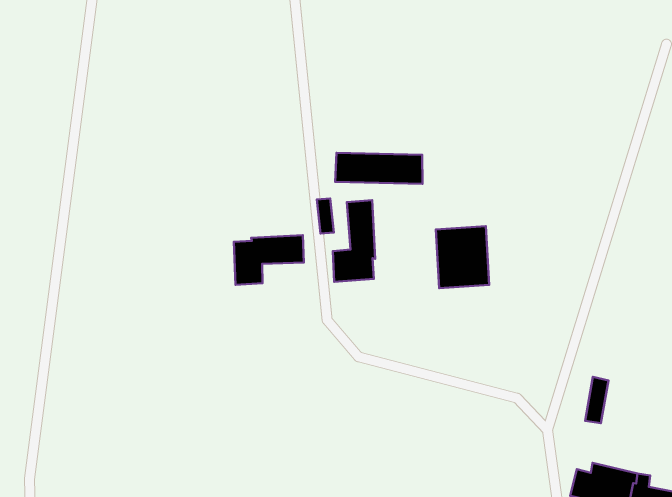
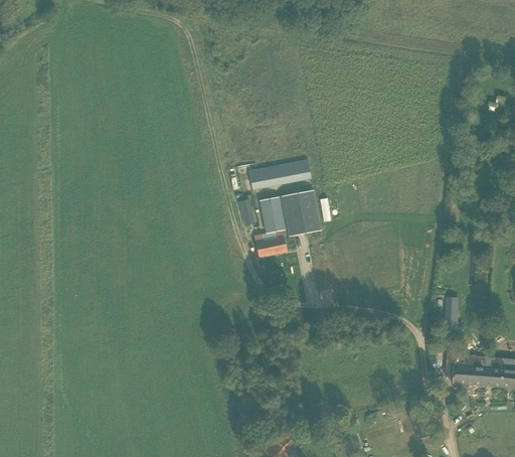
building: [436,226,489,288] -> [280,189,322,237]
building: [234,235,304,285] -> none

